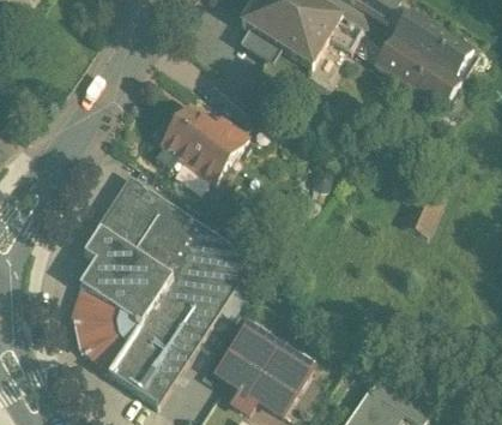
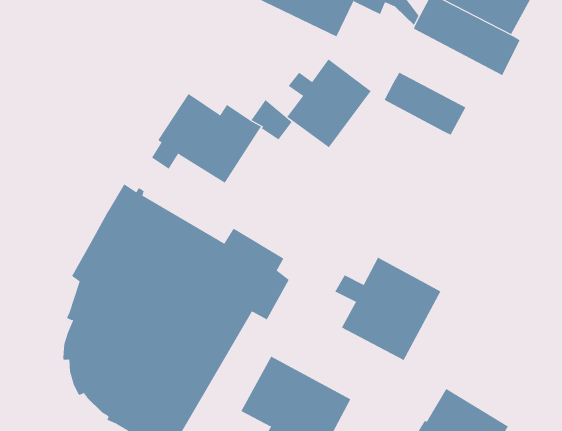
building: none -> [286,59,371,148]
building: none -> [384,72,466,136]
building: none -> [334,257,441,361]

